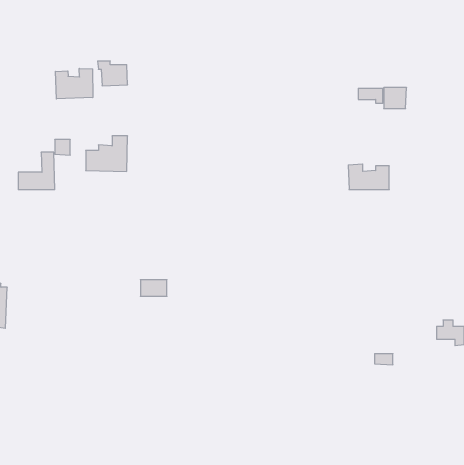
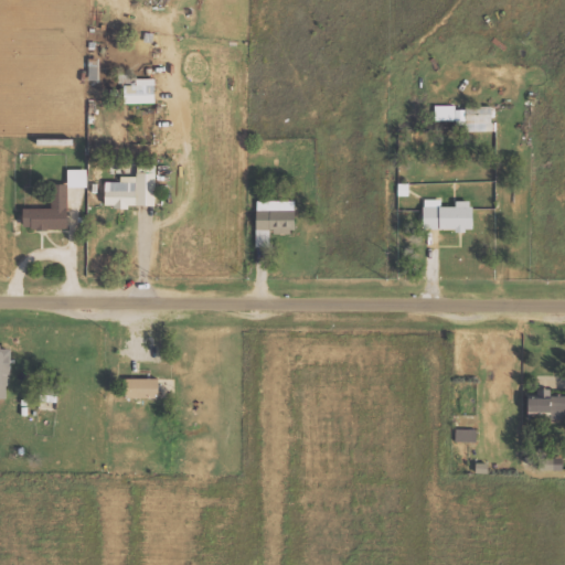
building: [55,68,93,99] -> none
building: none -> [255,201,294,248]
building: [140,280,167,296] -> [125,379,157,398]

